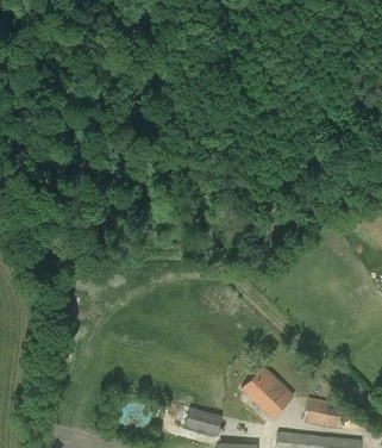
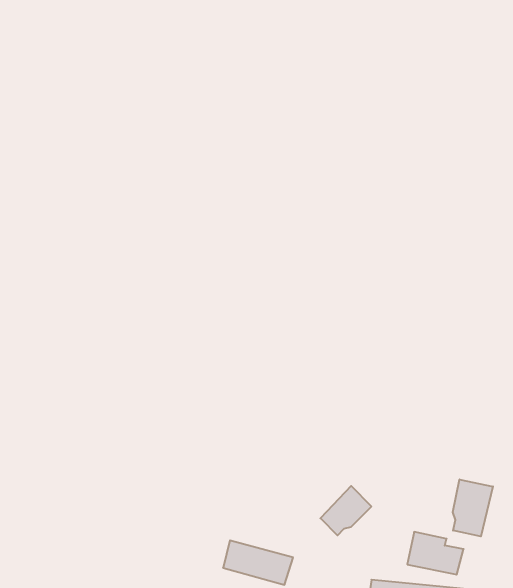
building: none -> [453,479,493,536]
building: [253,381,293,419] -> none

